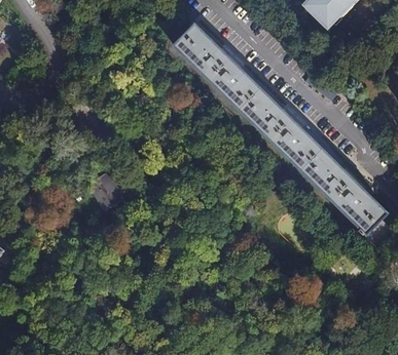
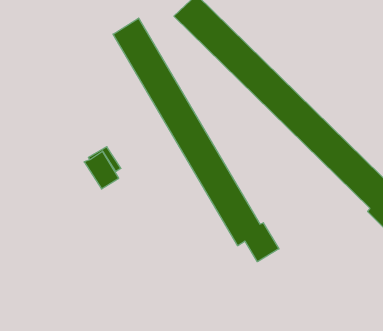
building: none -> [113,18,279,262]

